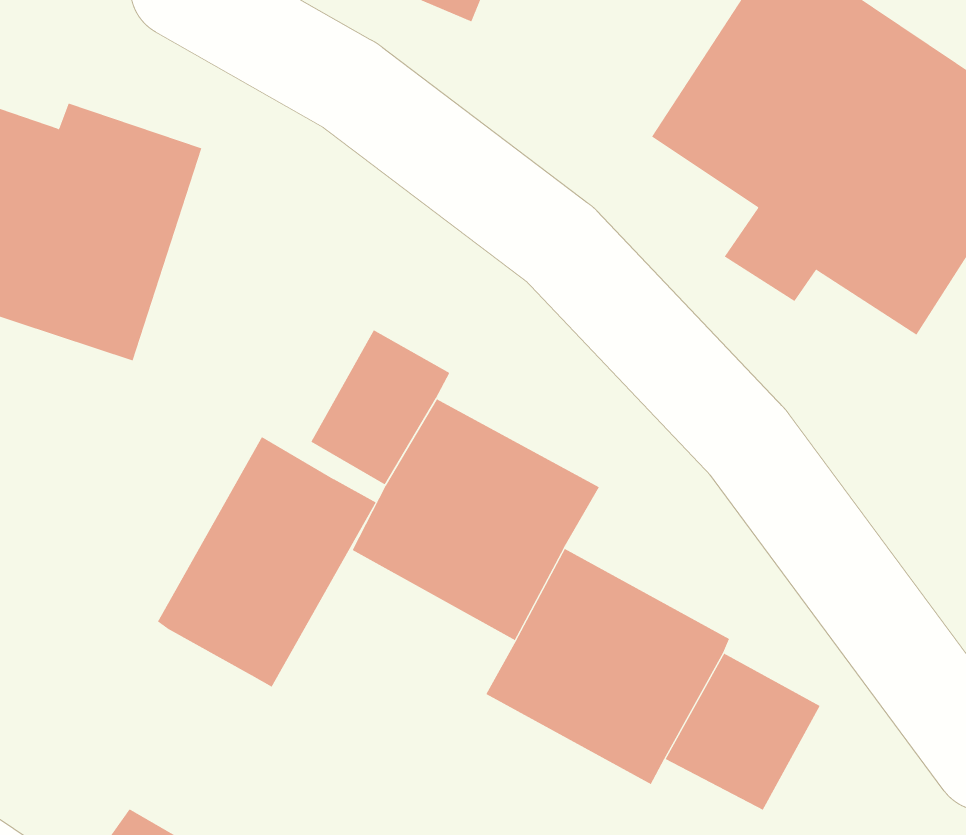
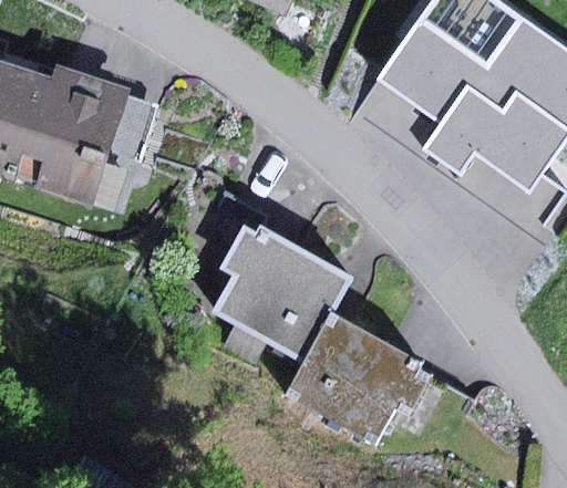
building: [157,436,377,688] -> none

